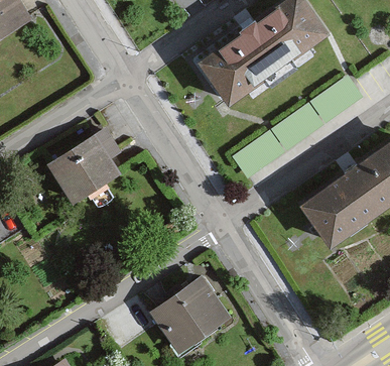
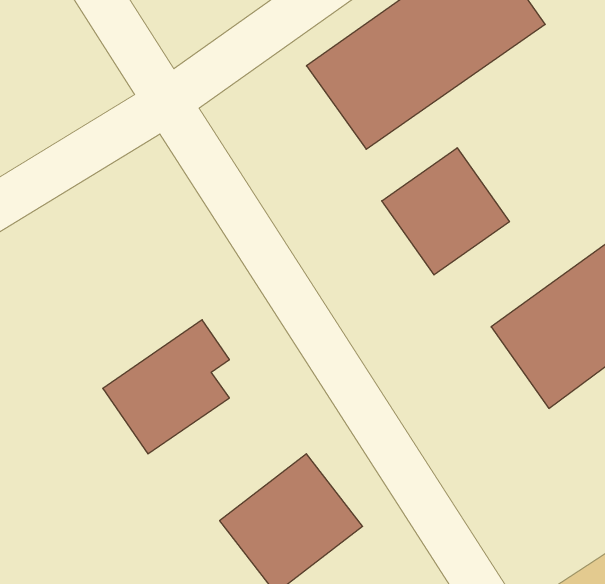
building: none -> [382,148,509,275]
building: [47,128,118,203] -> [103,320,229,454]

